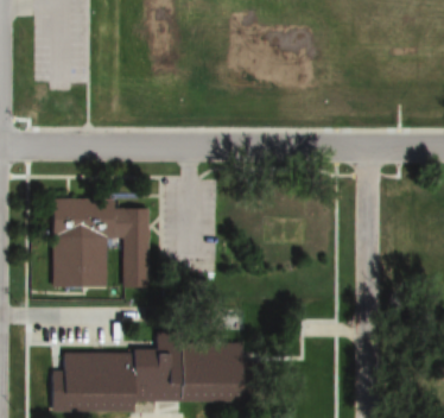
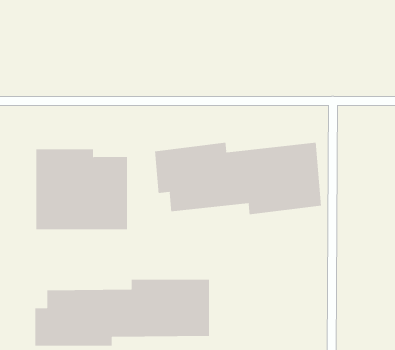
building: none -> [155,142,321,215]

